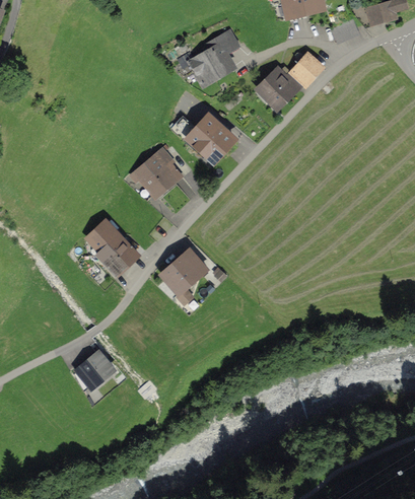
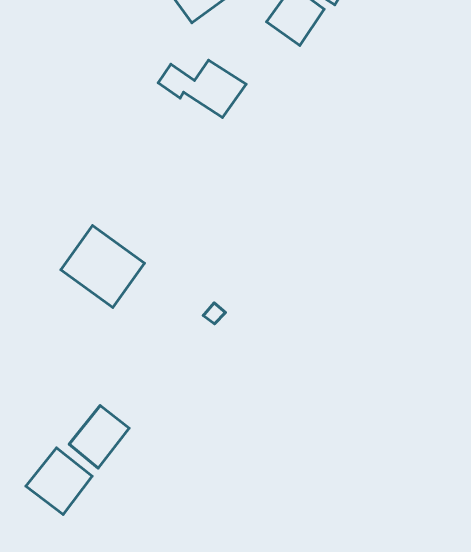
building: [135,147,186,197] -> none
building: [165,248,209,289] -> none
building: none -> [26,448,92,515]

